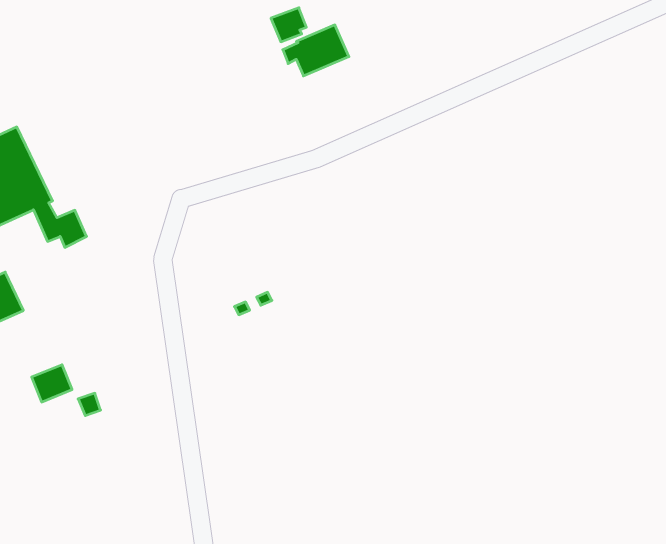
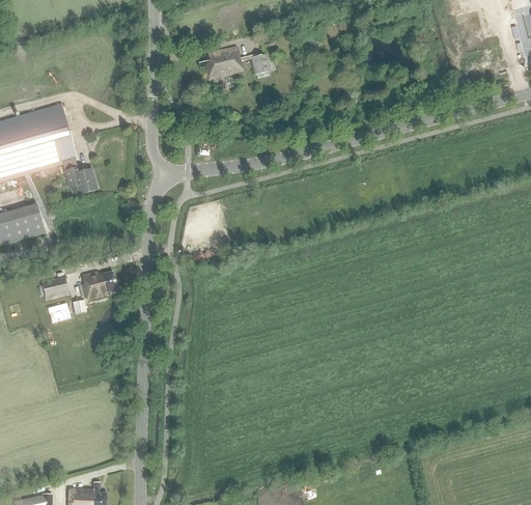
building: [283,25,349,76] -> [197,46,243,78]
building: none -> [83,271,117,300]

